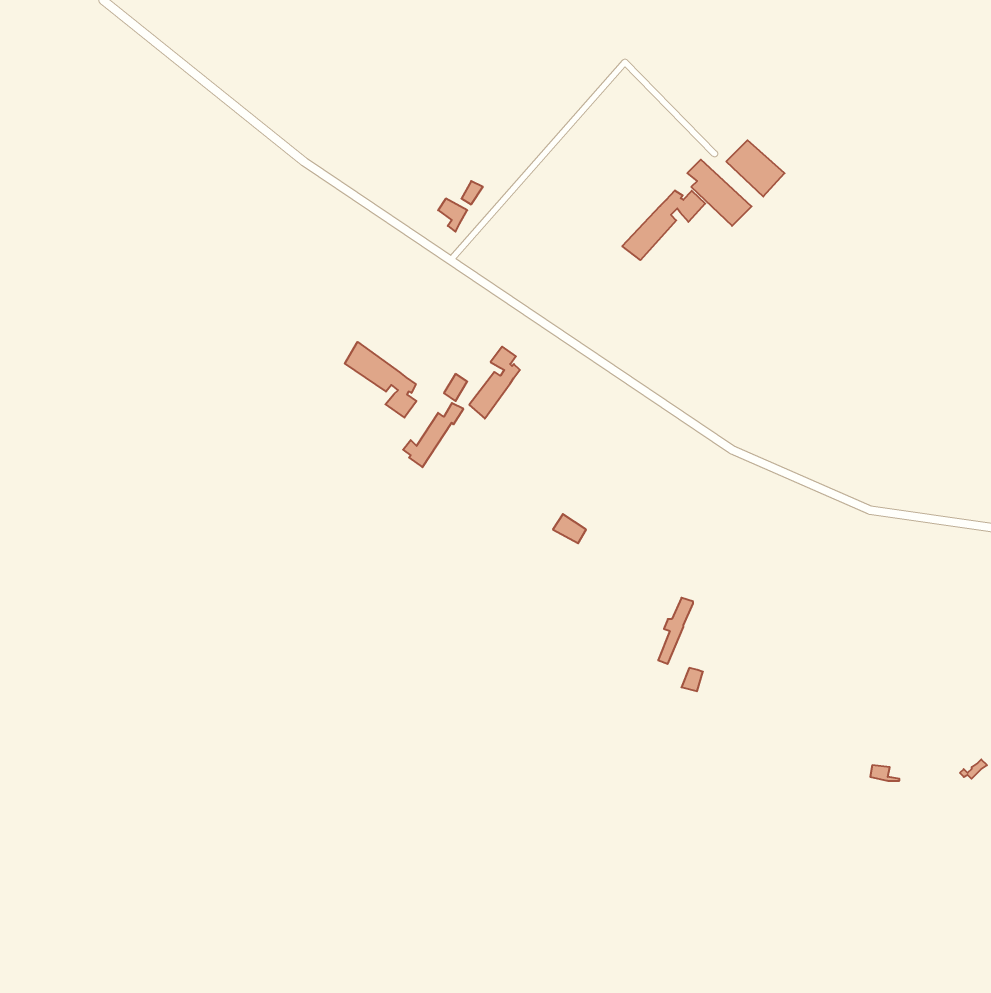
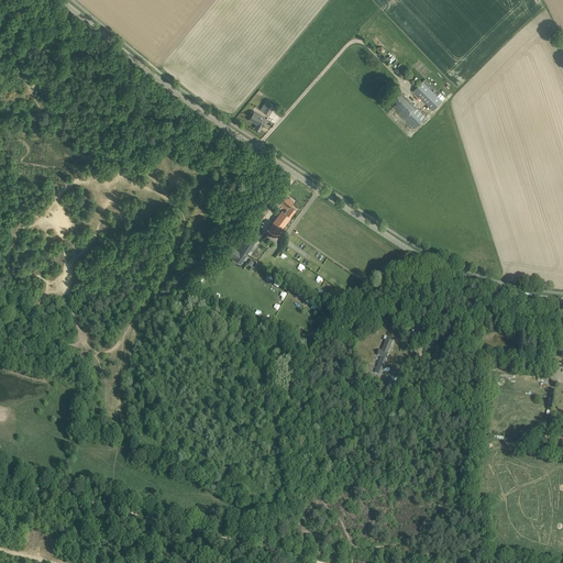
building: [622,190,705,260] -> none
building: [345,342,416,418] -> none

